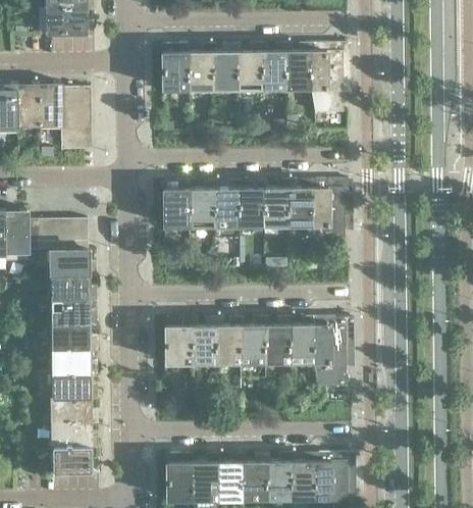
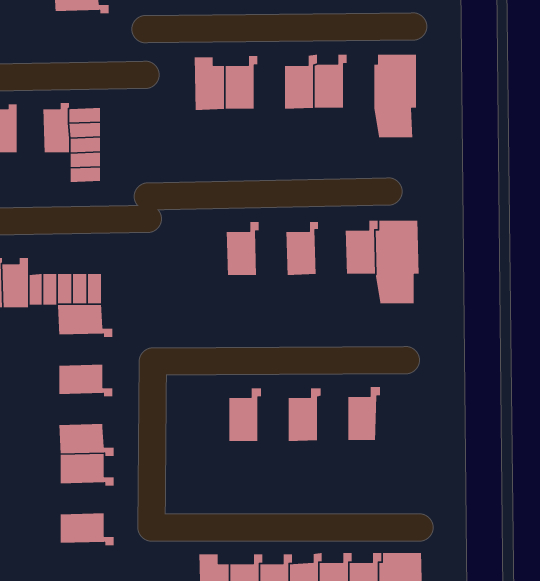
building: [47,11,92,39] -> none
building: [284,47,312,92] -> none
building: [211,48,239,93] -> none
building: [16,87,38,129] -> none
building: [261,184,288,228] -> none
building: [162,185,189,231] -> none
building: [212,185,240,230] -> none
building: [50,277,95,305] -> none
building: [263,320,291,365] -> none
building: [311,320,348,390] -> none
building: [164,321,190,367] -> none
building: [214,321,242,366] -> none
building: [50,326,95,354] -> none
building: [51,400,96,427] -> none
building: [51,449,97,476] -> none

